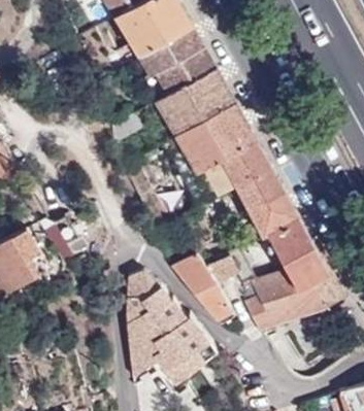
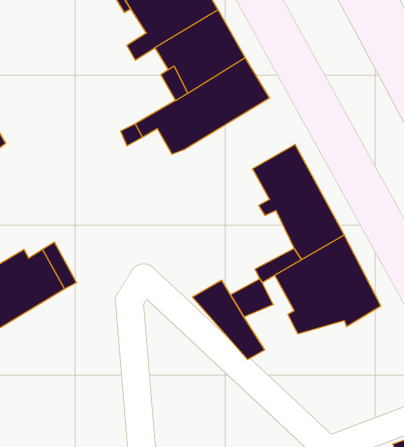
building: [164,100,258,207] -> none
building: [127,270,219,384] -> none
building: [243,275,343,333] -> none

